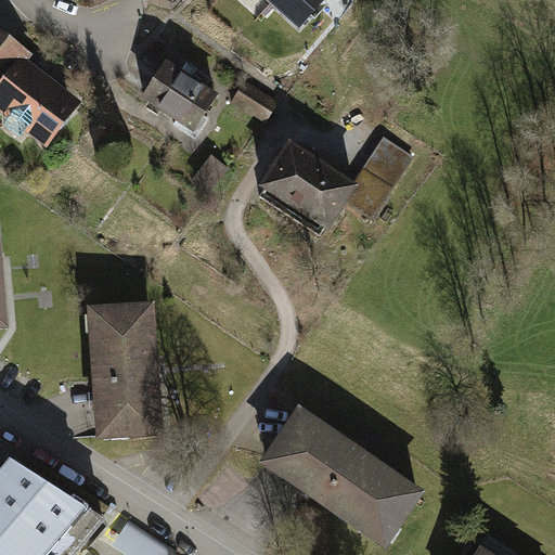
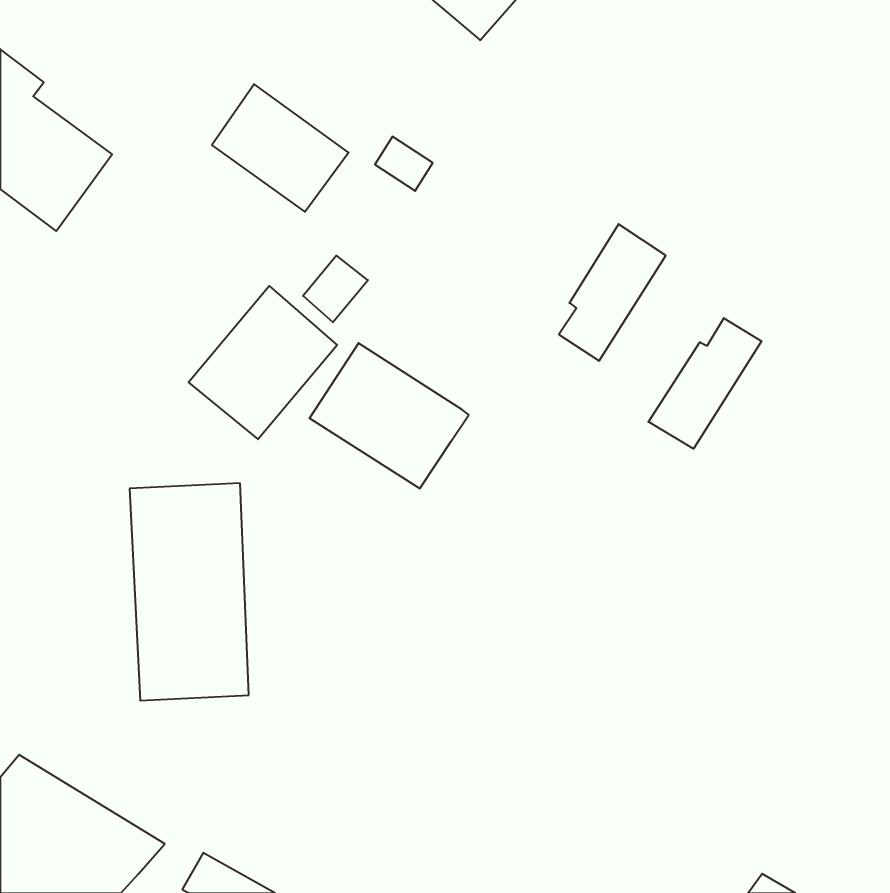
building: [261,146,360,236] -> [309,343,469,488]
building: none -> [189,286,337,439]
building: none -> [648,318,762,449]
building: [255,401,422,542] -> none

